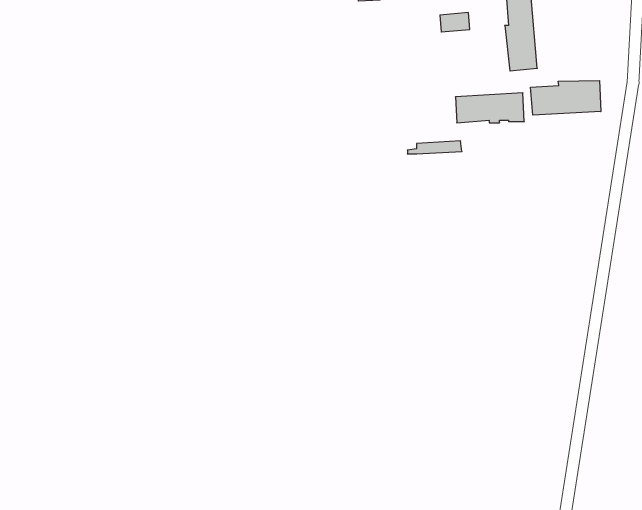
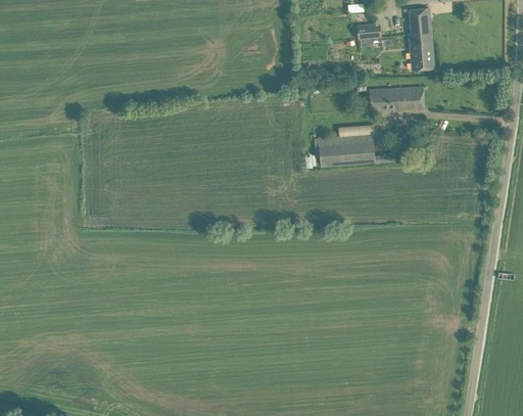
building: [531,81,601,115] -> none
building: none -> [315,134,374,166]

